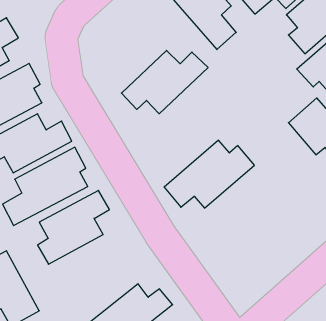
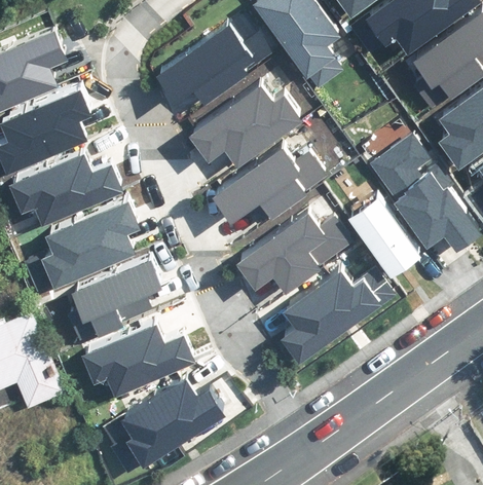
building: none -> [158,30,264,106]
building: none -> [356,134,431,194]
building: none -> [210,147,324,224]
building: none -> [356,194,425,271]
building: none -> [259,268,387,380]
building: none -> [85,323,199,395]

